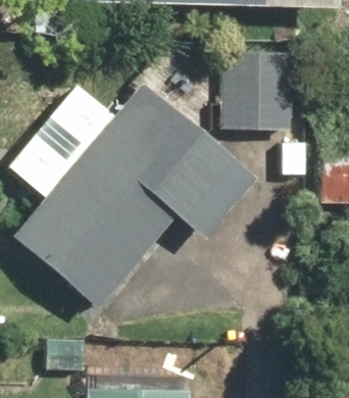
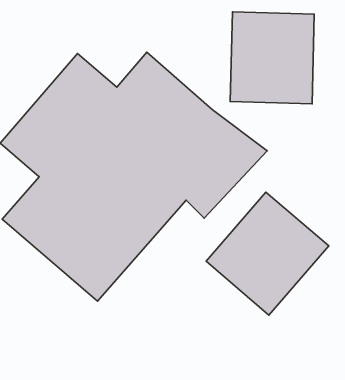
building: none -> [206,192,329,315]

